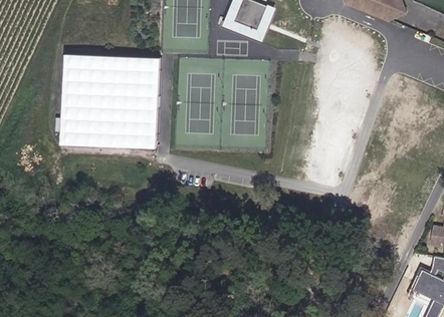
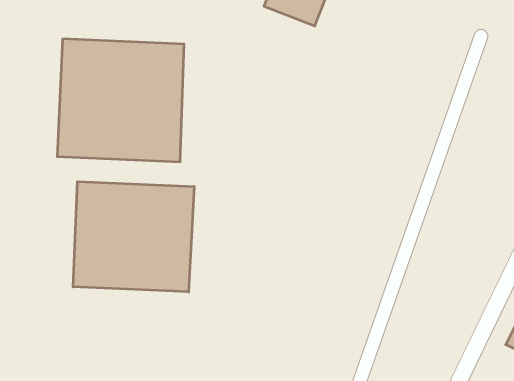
building: none -> [73,182,194,292]

